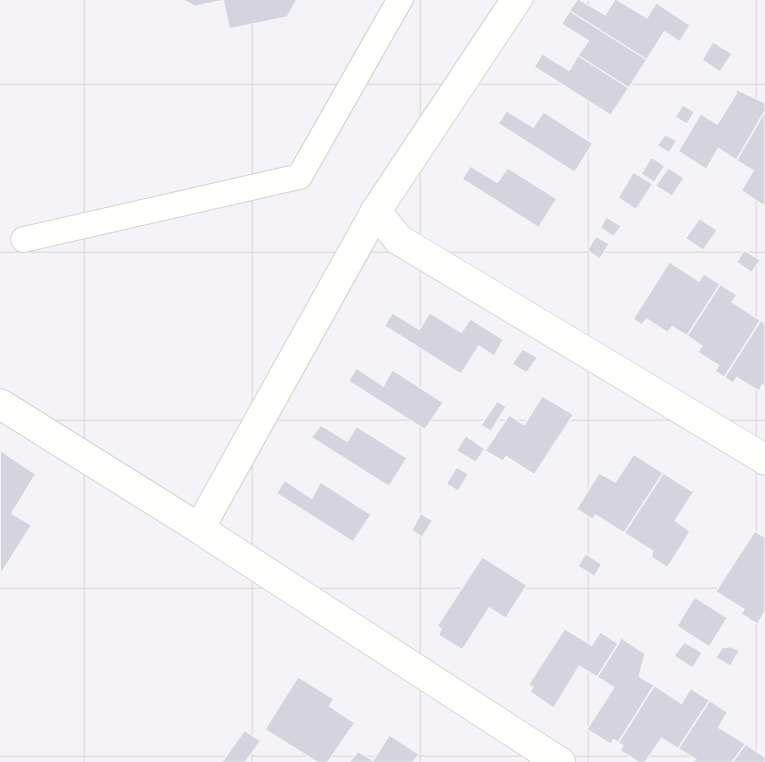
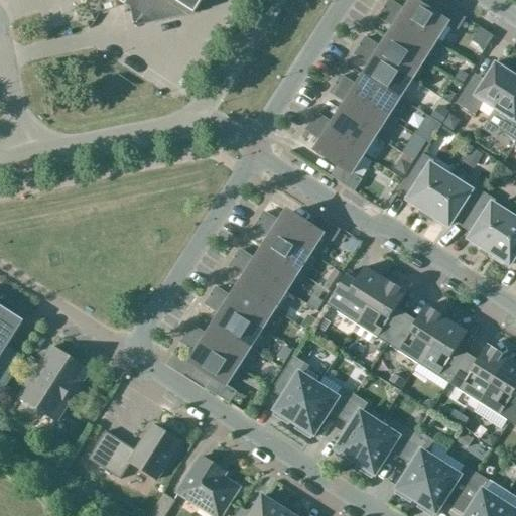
building: none -> [354,44,411,97]
building: none -> [330,83,387,134]
building: none -> [305,120,363,189]
building: none -> [401,152,450,215]
building: none -> [253,219,310,271]
building: none -> [229,256,286,308]
building: none -> [360,279,406,343]
building: none -> [205,294,262,347]
building: none -> [180,332,238,401]
building: none -> [449,344,508,398]
building: none -> [19,345,90,420]
building: none -> [272,355,318,423]
building: none -> [334,394,380,463]
building: none -> [89,424,180,478]

